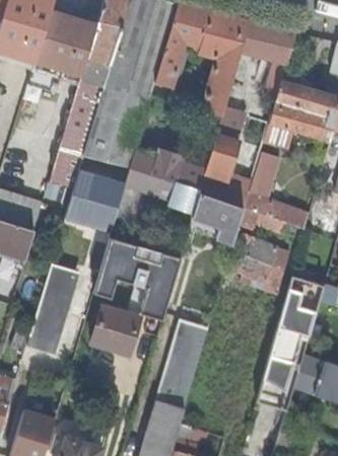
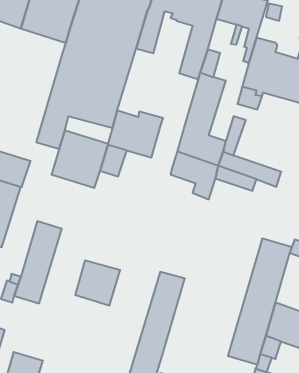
building: [171,163,206,212] -> none
building: [92,238,179,321] -> none
building: [229,241,275,285] -> none

